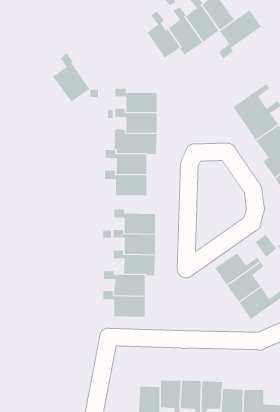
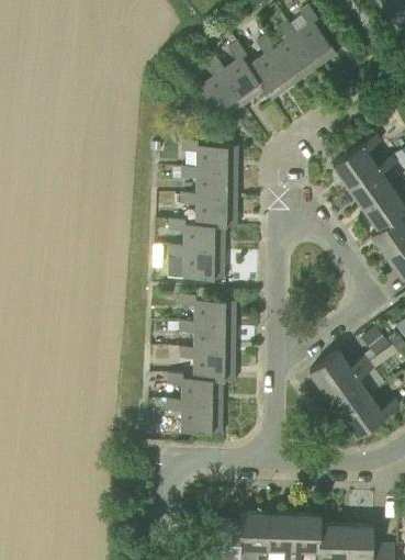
building: [218,9,262,59] -> none
building: [52,53,90,102] -> [196,56,245,120]

